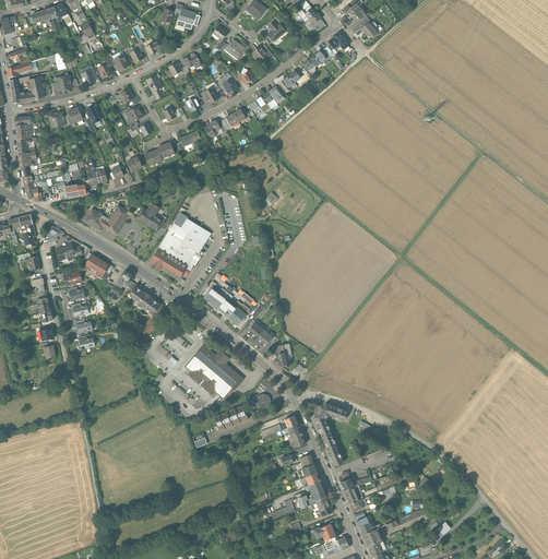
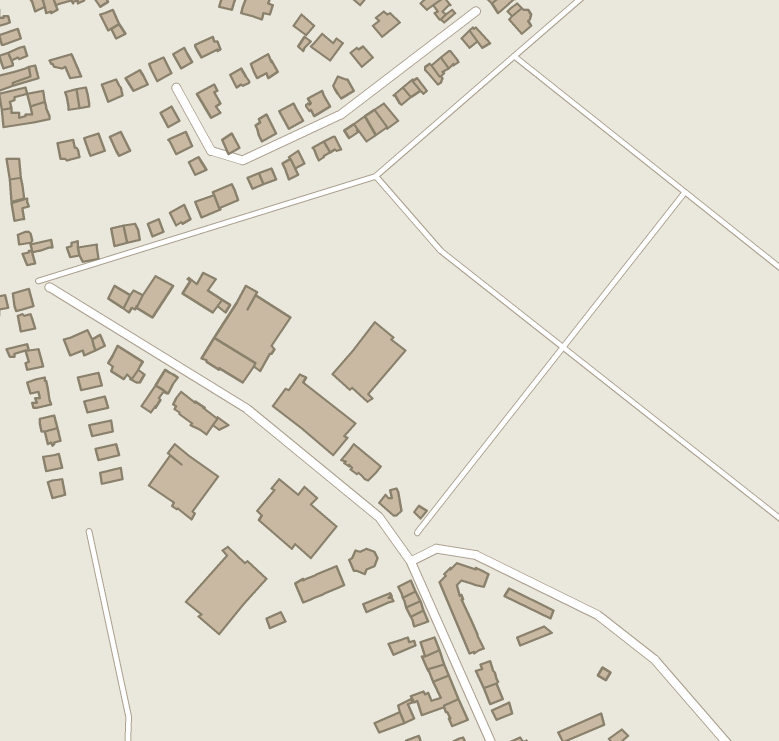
building: none -> [332,322,405,402]
building: none -> [149,444,218,520]
building: none -> [186,547,266,634]

